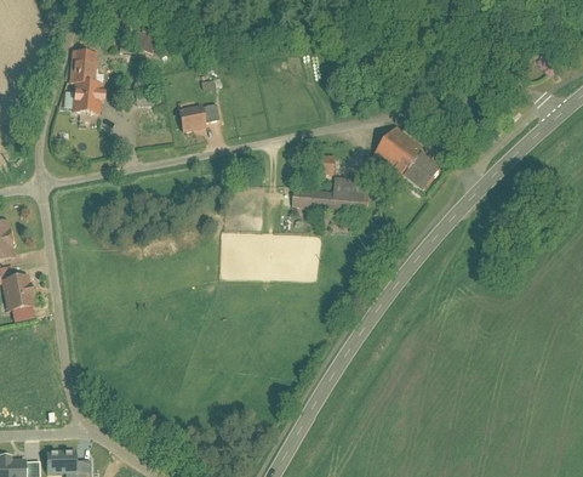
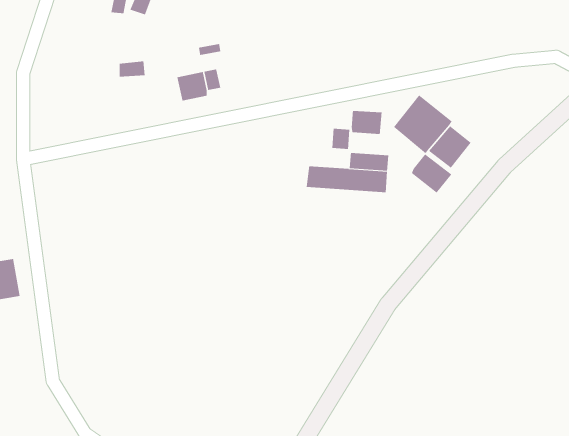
building: [70,50,107,113] -> none
building: none -> [351,110,382,135]
building: none -> [411,153,452,193]

